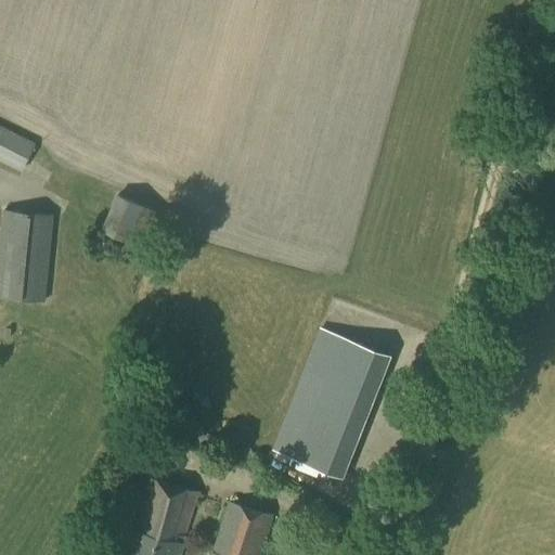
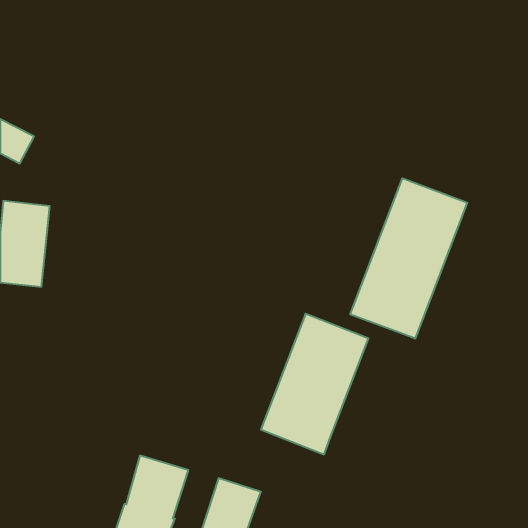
building: none -> [350,178,467,339]
building: [101,196,164,251] -> none

